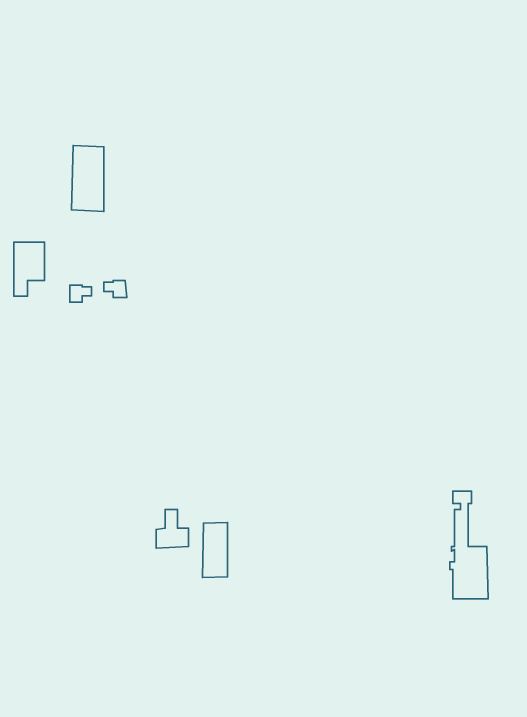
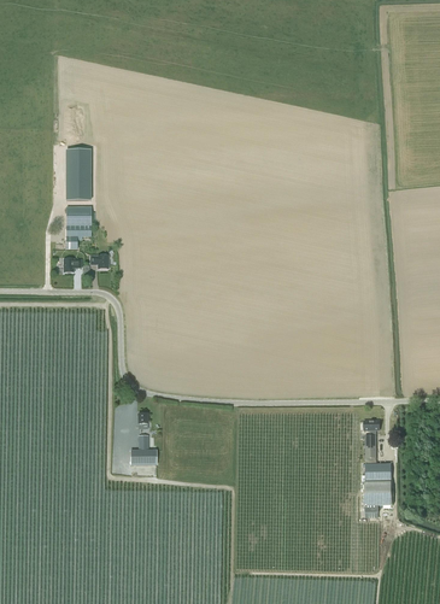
building: [14,242,45,296] -> [66,206,90,248]
building: [202,523,227,577] -> none

